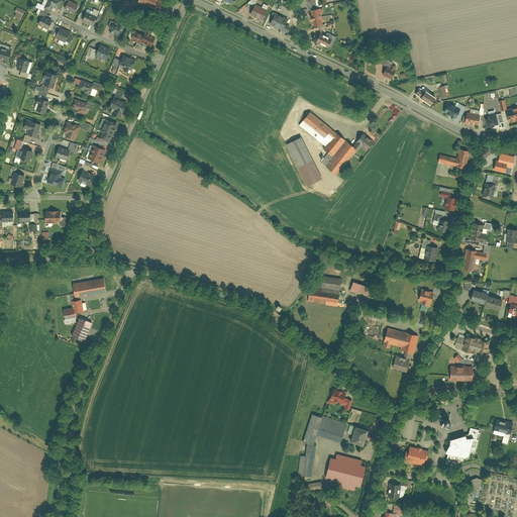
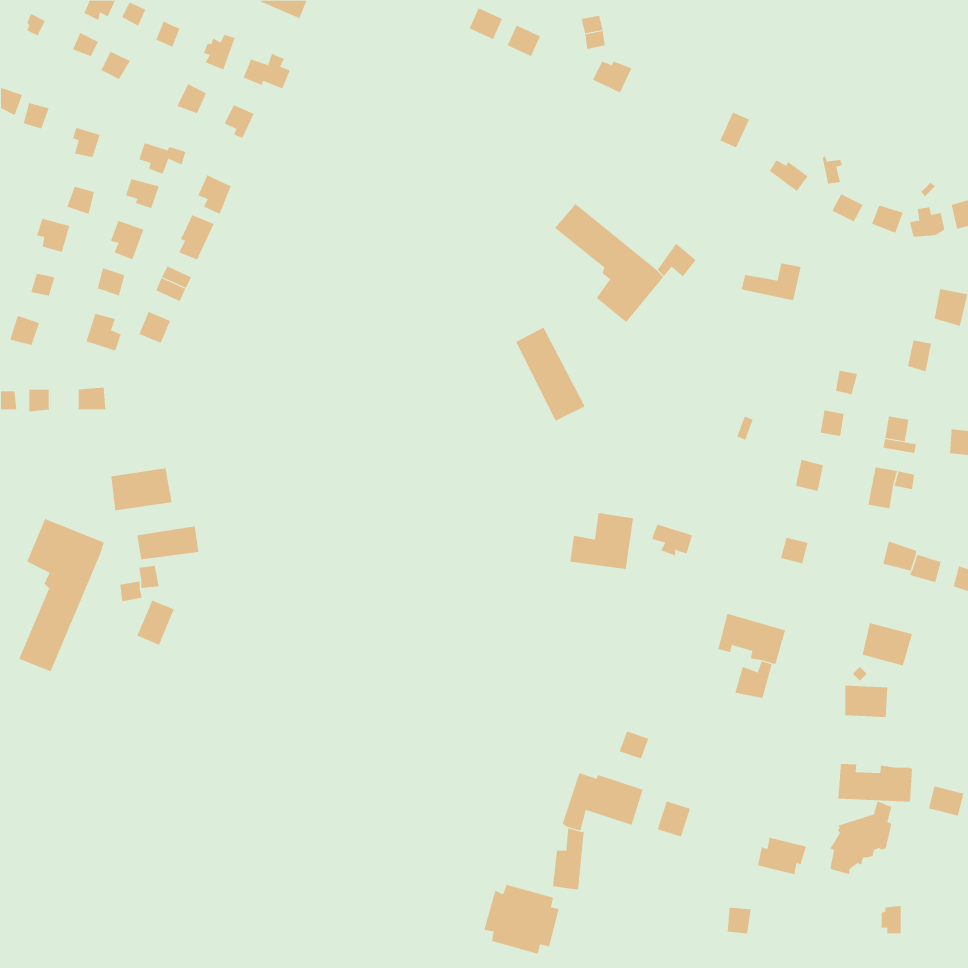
building: [283,134,320,185] -> [515,327,586,422]
building: [437,149,470,170] -> [741,263,801,301]
building: none -> [111,467,172,511]
building: none -> [18,518,104,672]
building: none -> [838,763,913,802]
building: [326,454,367,492] -> [483,884,559,954]

